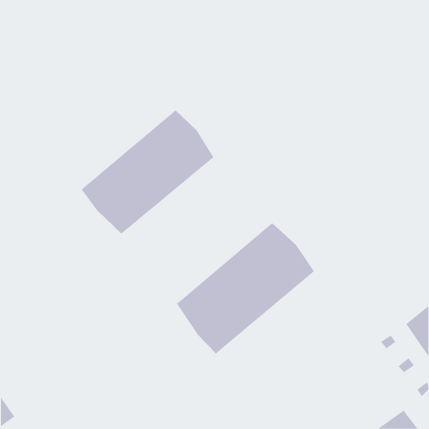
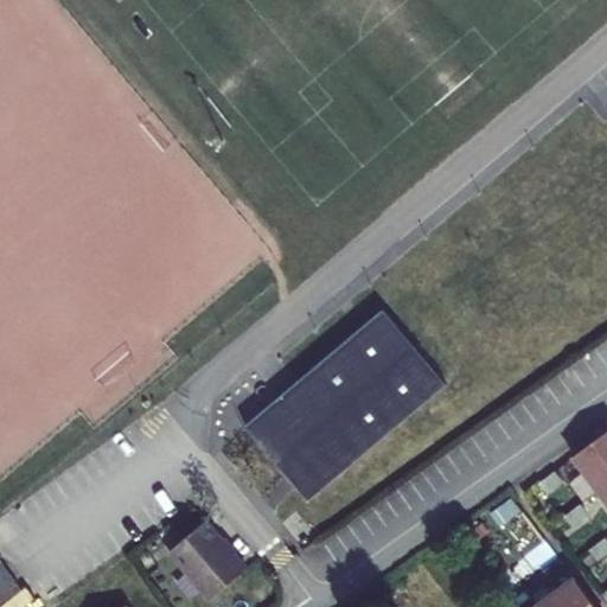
building: [81,109,214,234] -> none
building: none -> [168,522,245,600]

